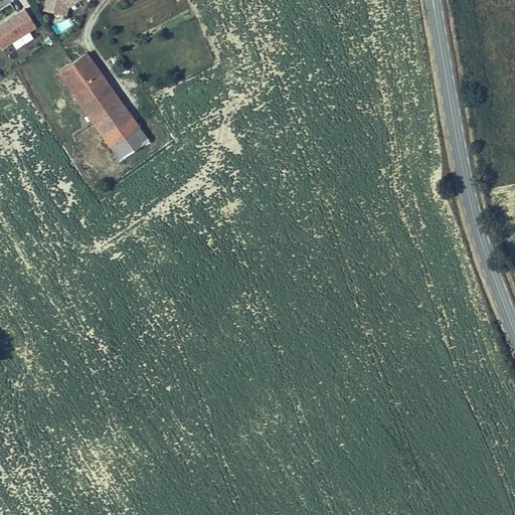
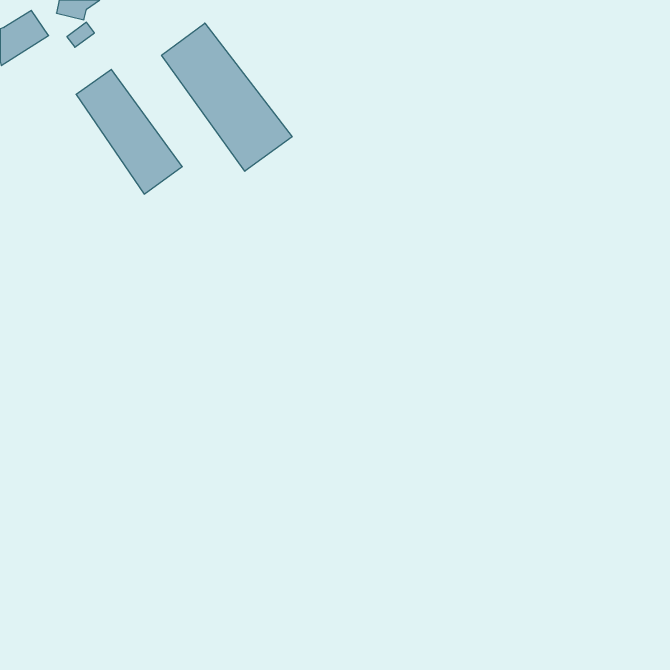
building: none -> [162,23,292,171]
building: [111,128,149,162] -> none

